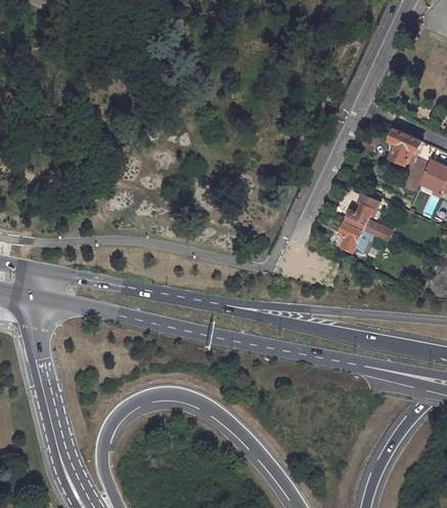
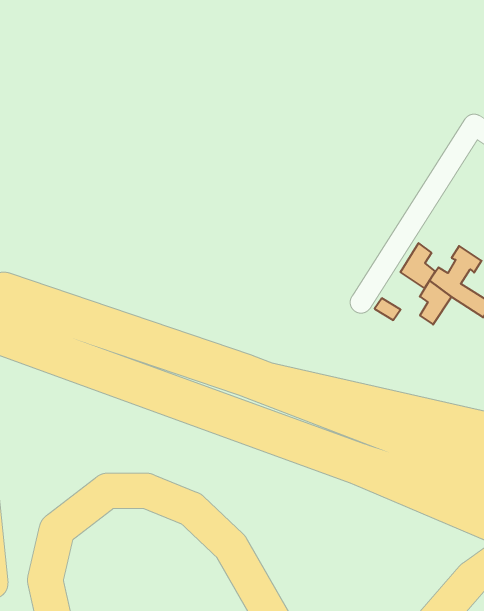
building: none -> [401,243,435,288]

